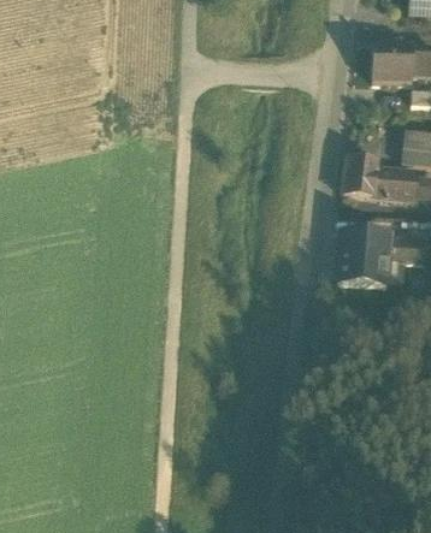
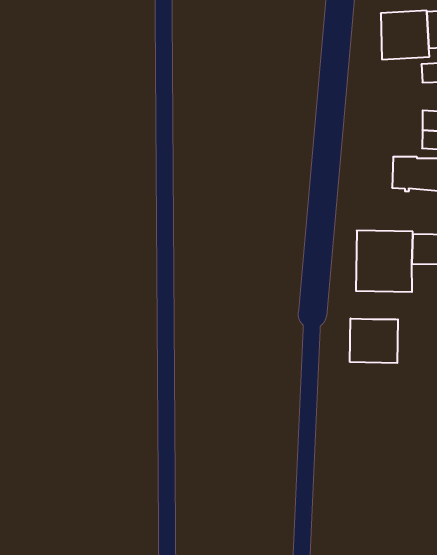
building: [346,154,380,194] -> none
building: none -> [350,318,398,363]

